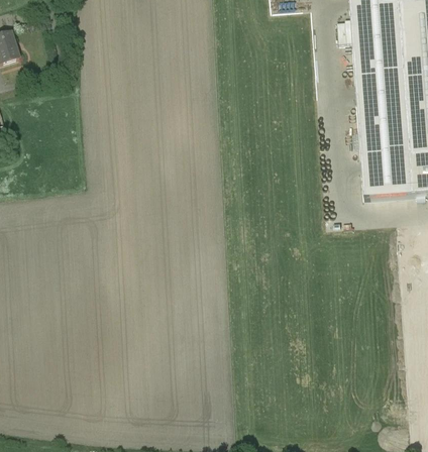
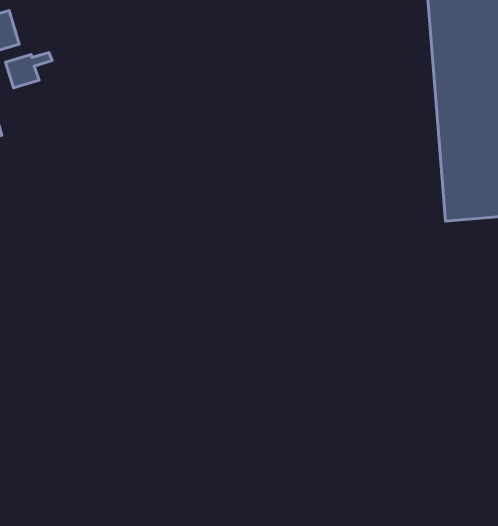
building: none -> [6,52,52,88]

